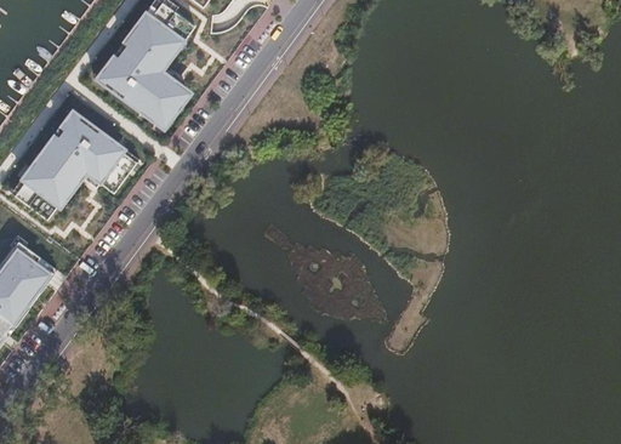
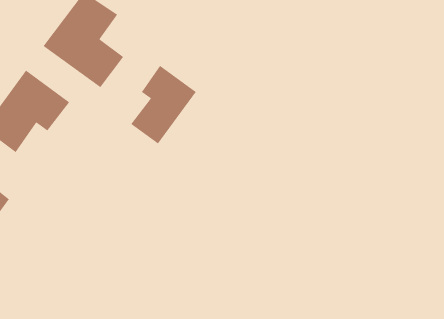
building: none -> [130,65,197,145]

